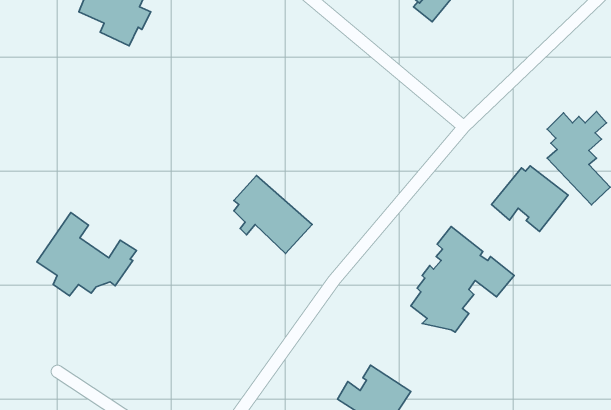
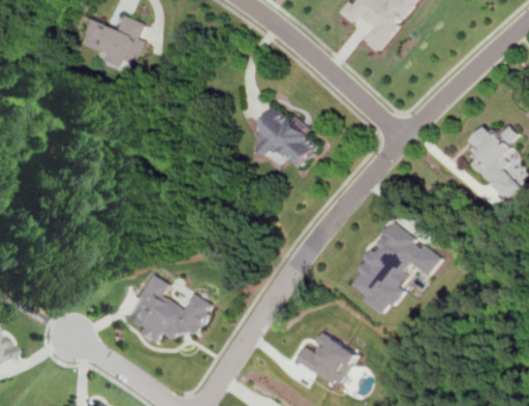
building: [491,166,568,232] -> none
building: [234,175,312,254] -> [255,104,319,168]
building: [37,213,137,296] -> [126,275,208,343]

